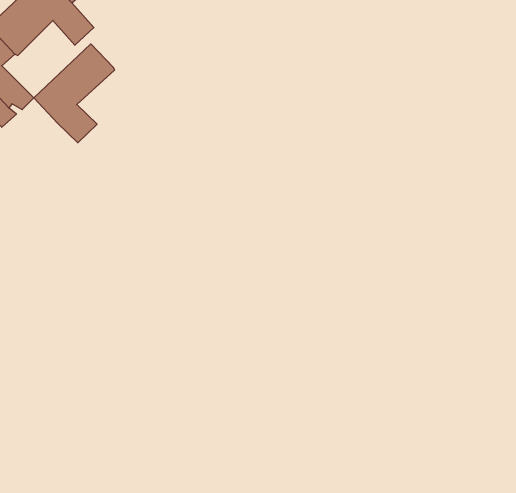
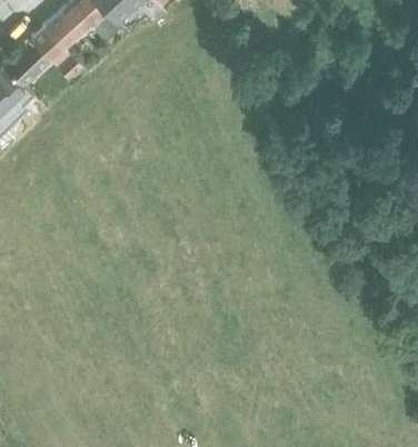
building: [34,44,114,143] -> none

